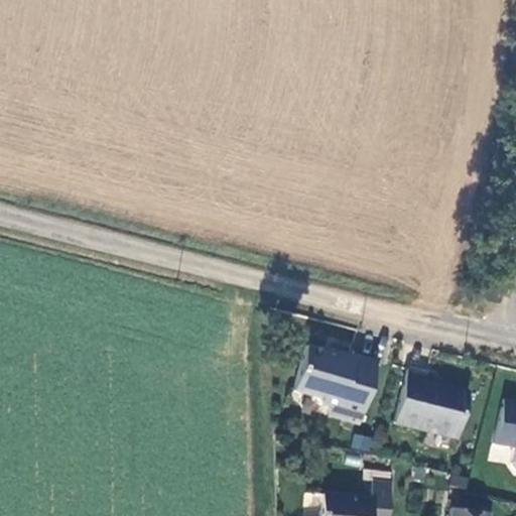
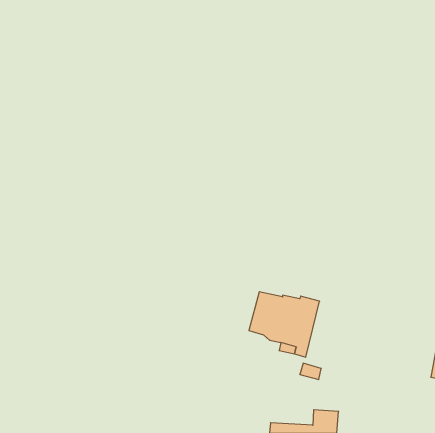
building: [395,371,469,442] -> none

